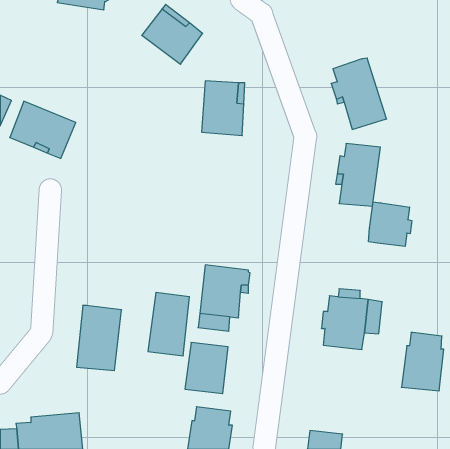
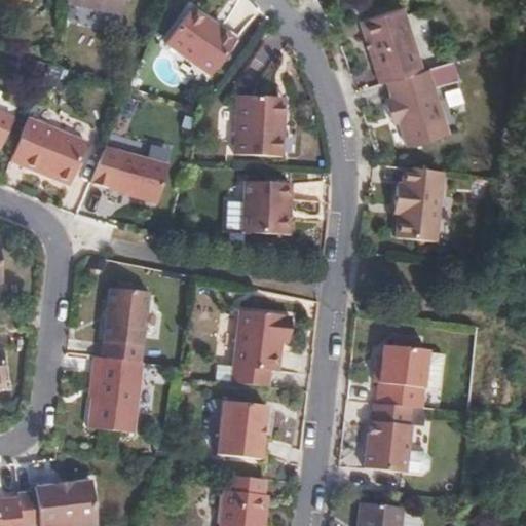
building: none -> [361,6,422,83]
building: none -> [110,152,168,202]
building: none -> [247,182,291,236]
building: [369,202,412,246] -> none
building: [148,292,189,356] -> [101,288,149,362]
building: [401,333,444,391] -> [364,403,413,471]

